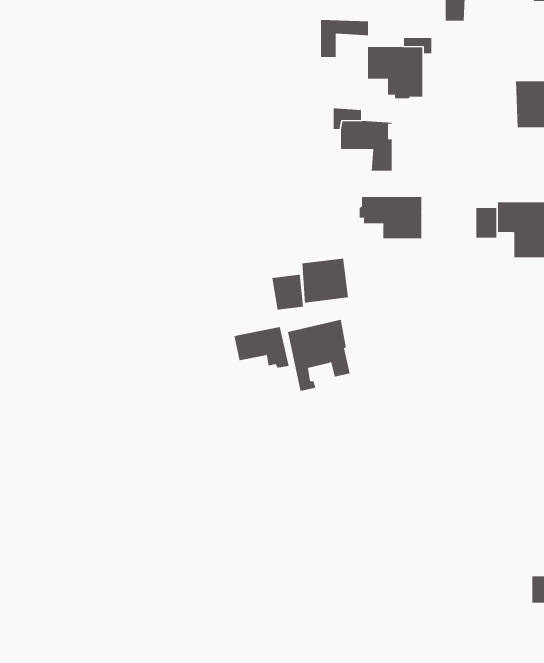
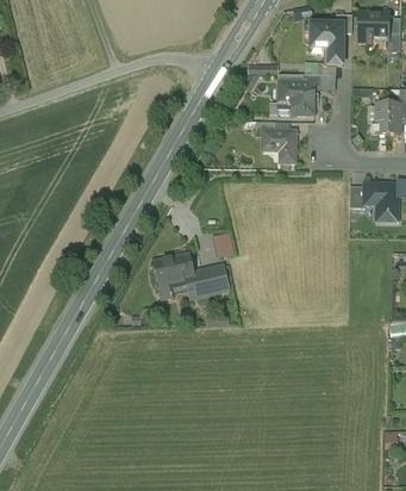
building: [359,196,422,239] -> none
building: [302,258,349,303] -> none
building: [287,319,350,392] -> [152,251,194,299]

